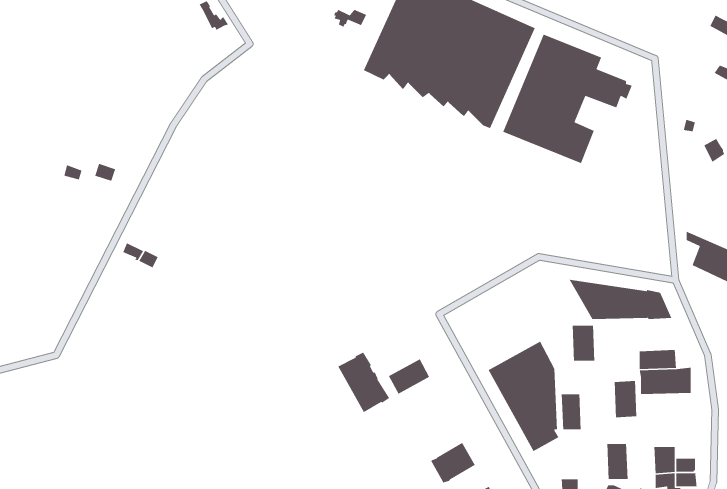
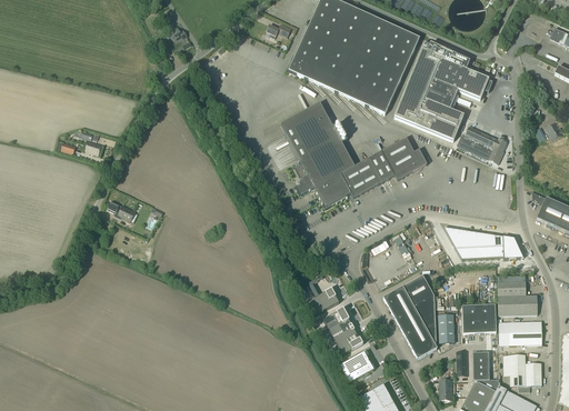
building: none -> [280,101,427,206]
building: none -> [457,124,506,162]
building: [572,325,595,361] -> [461,304,479,332]
building: [337,351,390,413] -> [322,307,362,353]
building: none -> [508,320,541,343]

